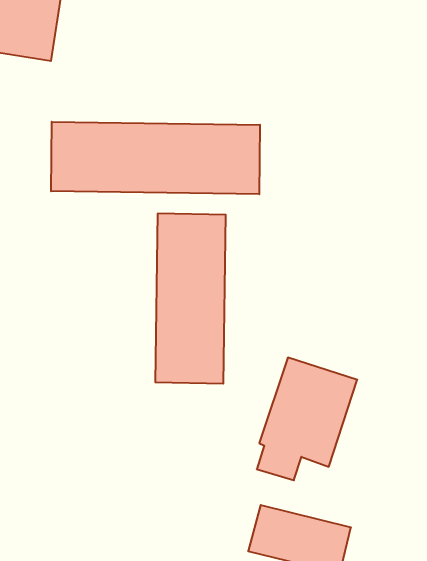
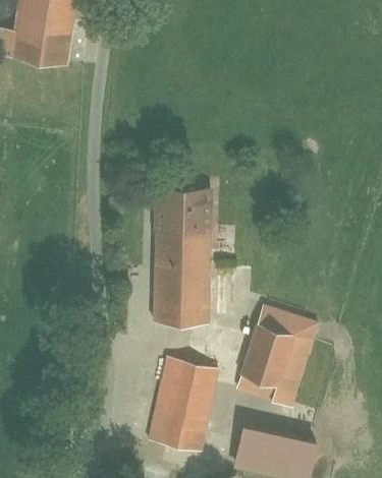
building: [51,122,260,194] -> none
building: none -> [147,356,222,455]

